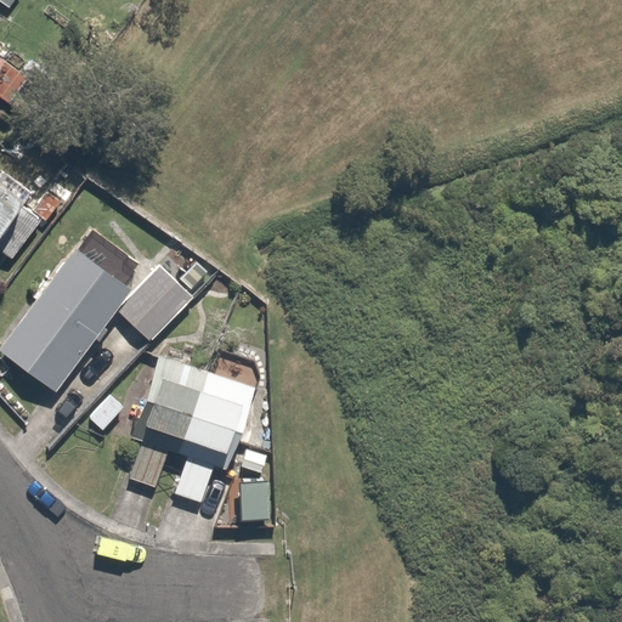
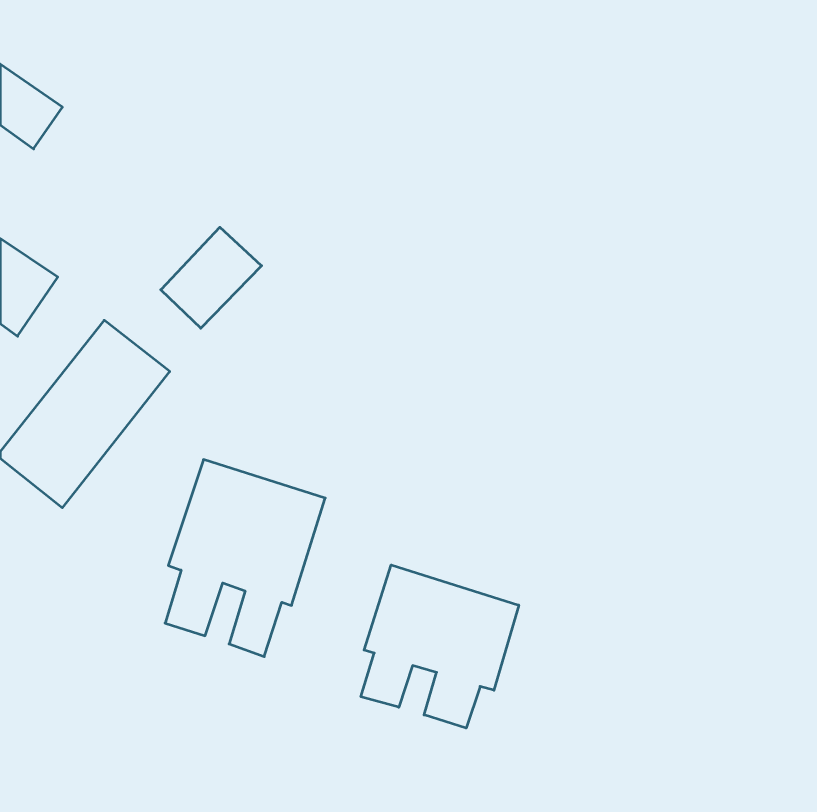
building: [118,264,194,340] -> [161,227,262,328]
building: none -> [361,565,519,728]

